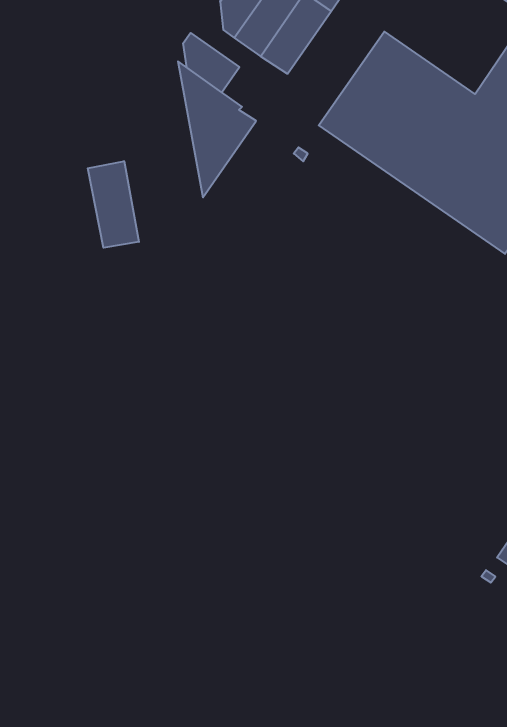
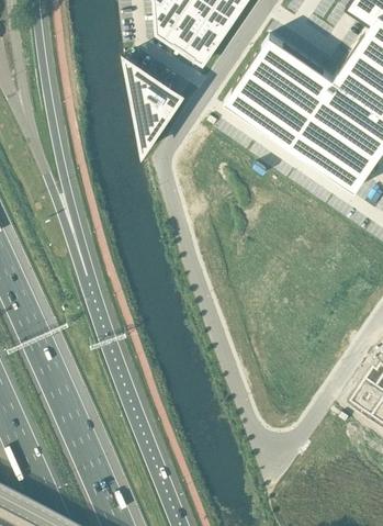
building: [183,33,239,92] -> none
building: [88,161,139,248] -> none

